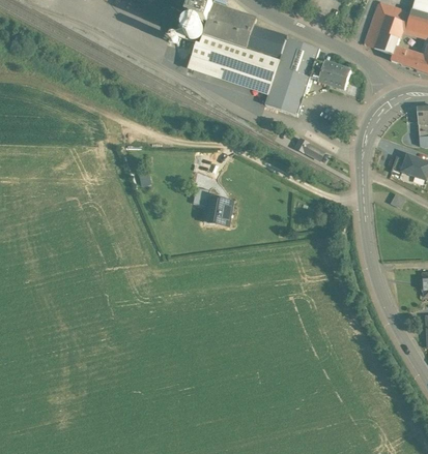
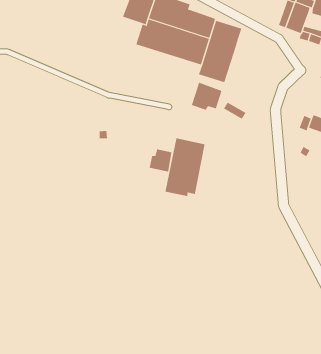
building: [311,60,351,89] -> none
building: none -> [191,82,222,111]
building: none -> [165,138,205,197]

